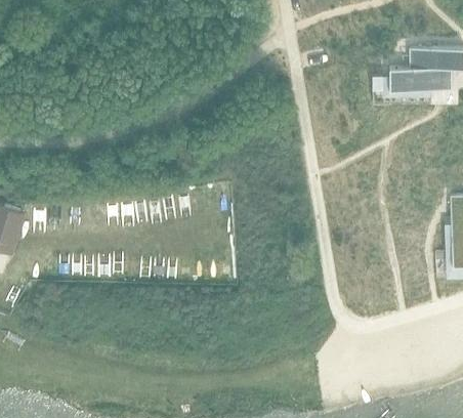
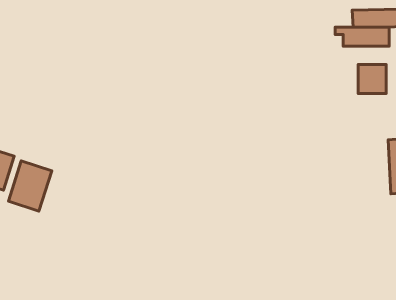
building: none -> [358,64,386,94]
building: none -> [9,161,52,211]

